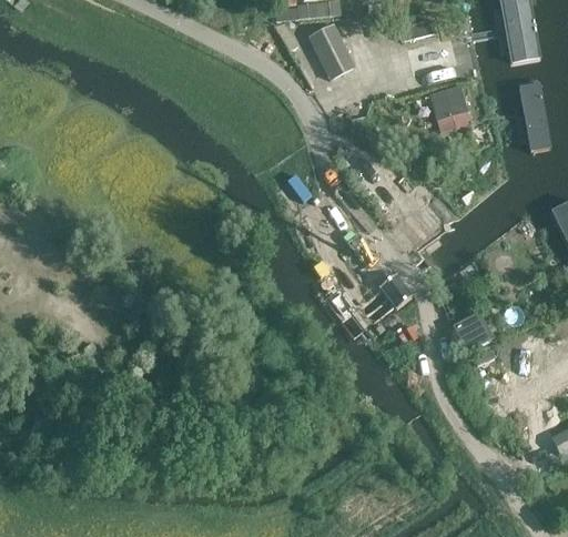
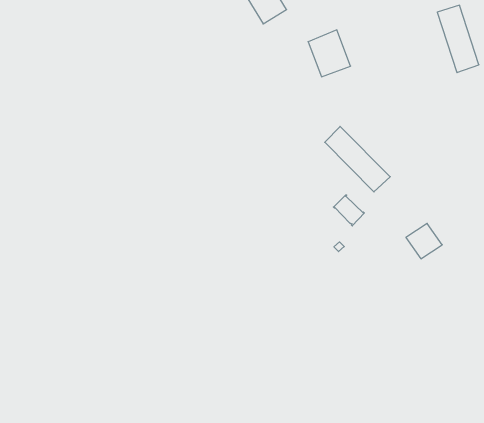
building: [429,84,471,132] -> [308,30,351,77]
building: none -> [325,126,390,192]

